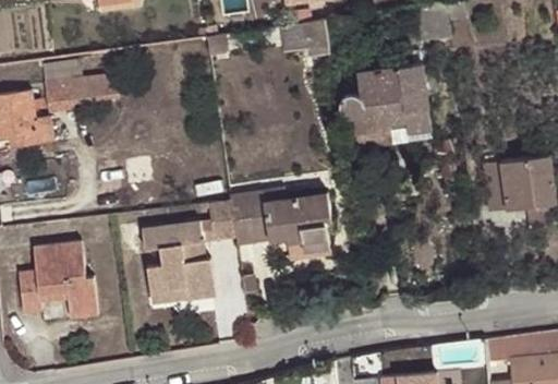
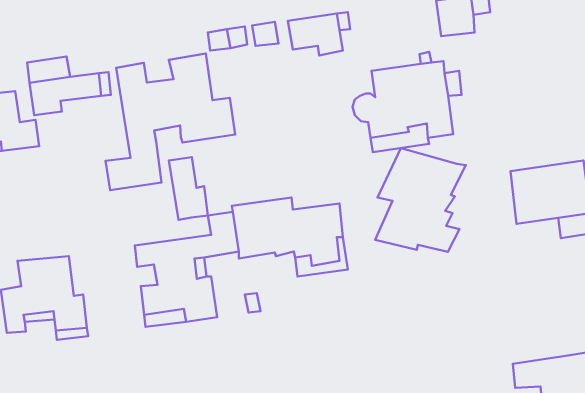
building: none -> [106,54,235,190]
building: none -> [375,148,466,252]
building: none -> [169,157,208,220]

